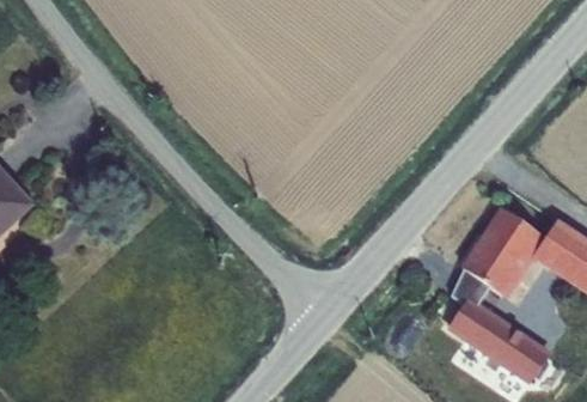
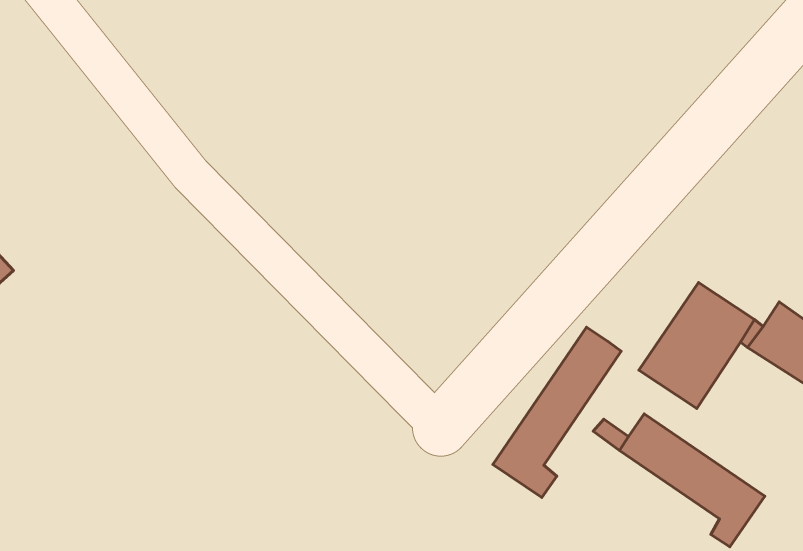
building: none -> [493,327,621,497]

